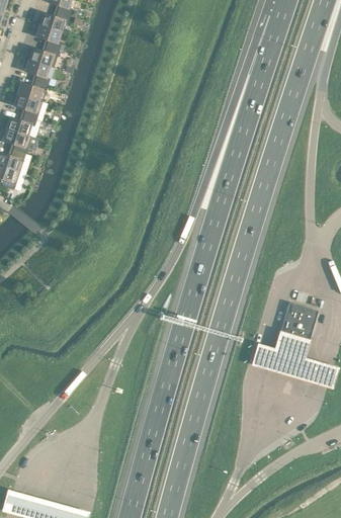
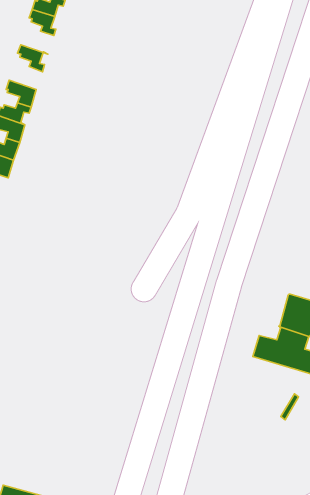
building: [26,48,59,70] -> none
building: [15,82,48,104] -> none

